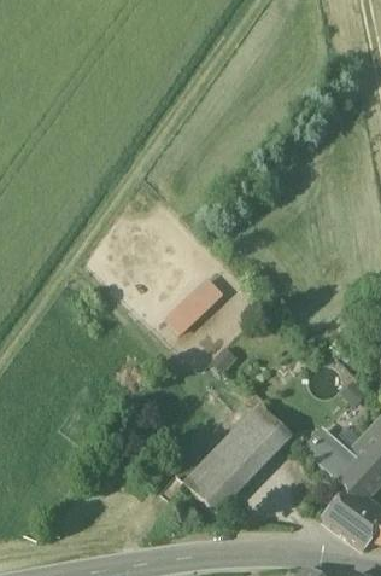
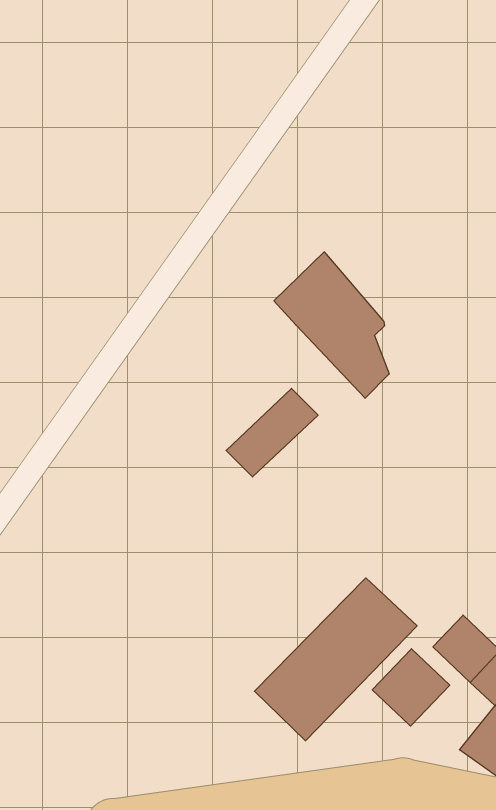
building: none -> [274,252,389,398]
building: none -> [372,649,450,726]

